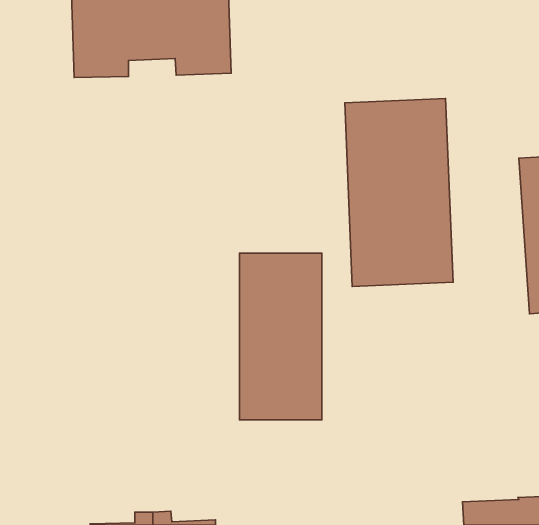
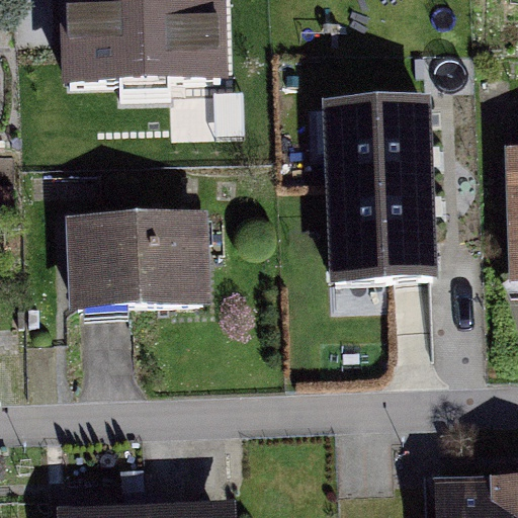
building: none -> [61,214,204,311]
building: [240,253,322,420] -> none

